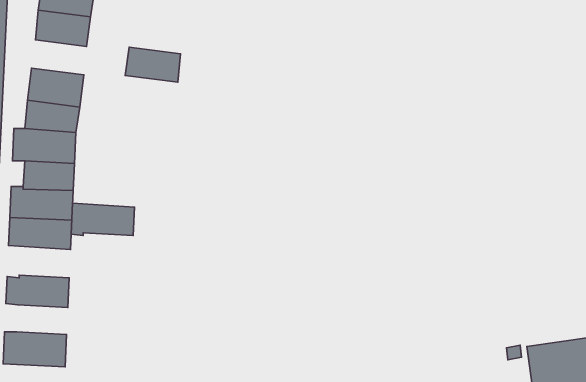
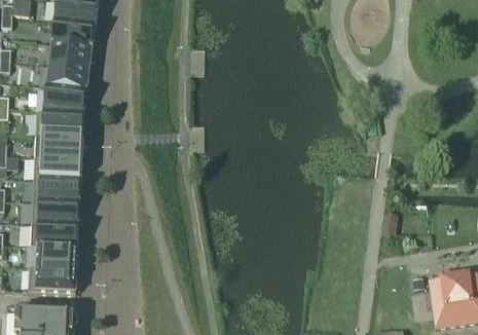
building: [125,47,180,82] -> [48,38,90,65]
building: [71,203,134,236] -> [30,195,78,220]
building: none -> [37,240,76,263]

